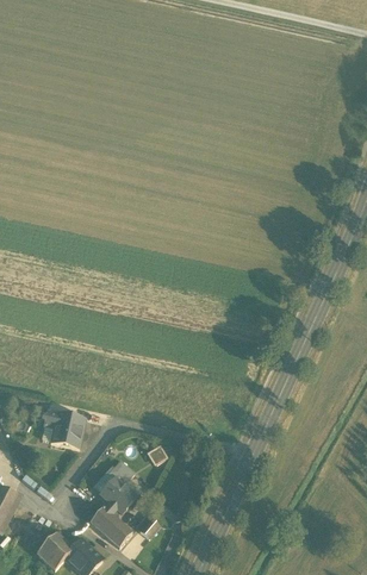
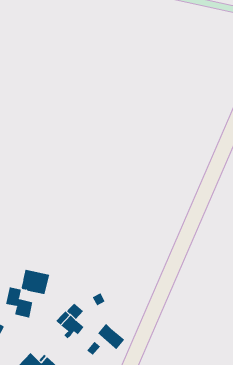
building: none -> [6,287,33,318]
building: [89,505,131,545] -> [97,323,125,350]

